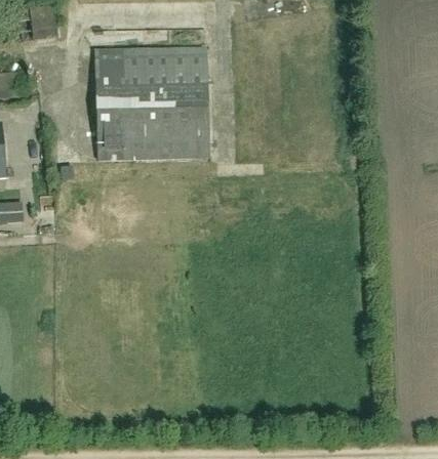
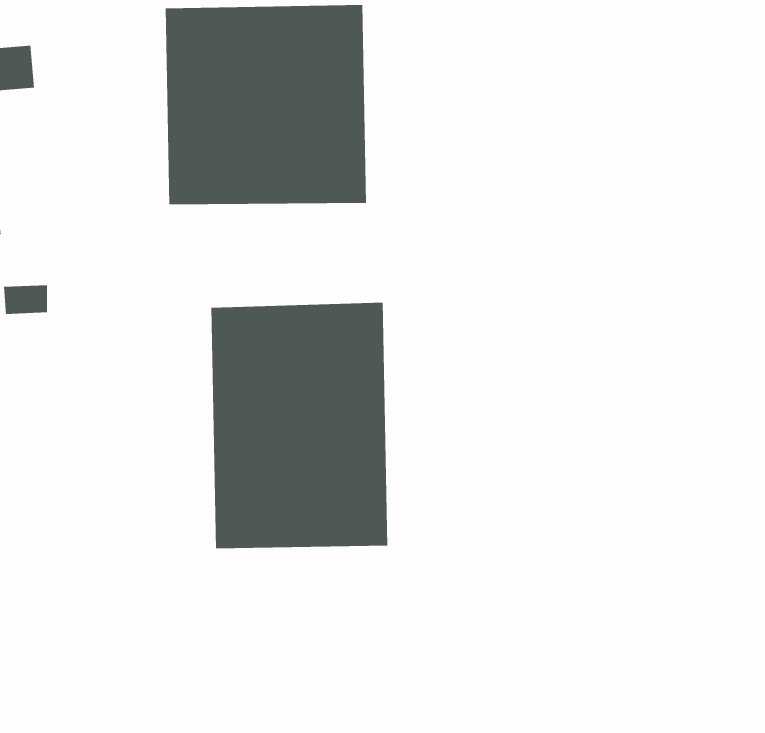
building: none -> [211,302,388,549]

